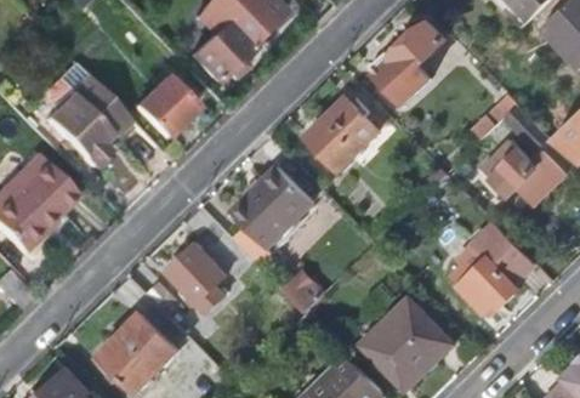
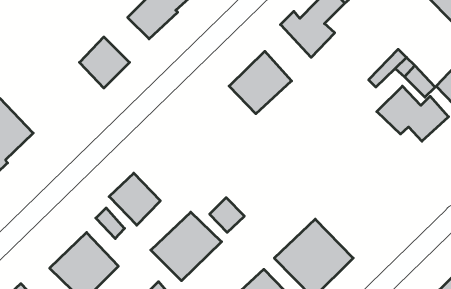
building: [44,75,129,166] -> none
building: [232,167,315,249] -> [151,212,222,281]
building: [454,224,536,313] -> none

